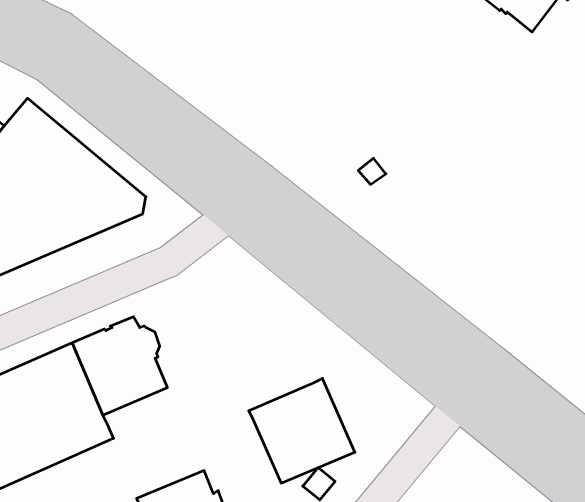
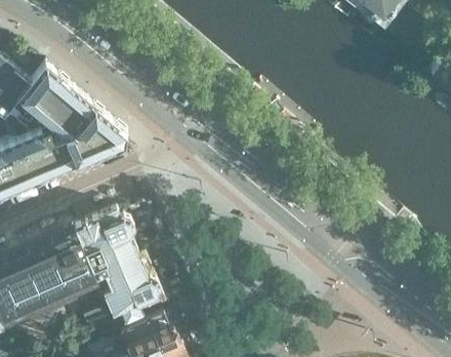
building: [249,378,355,483] -> [95,256,166,326]

